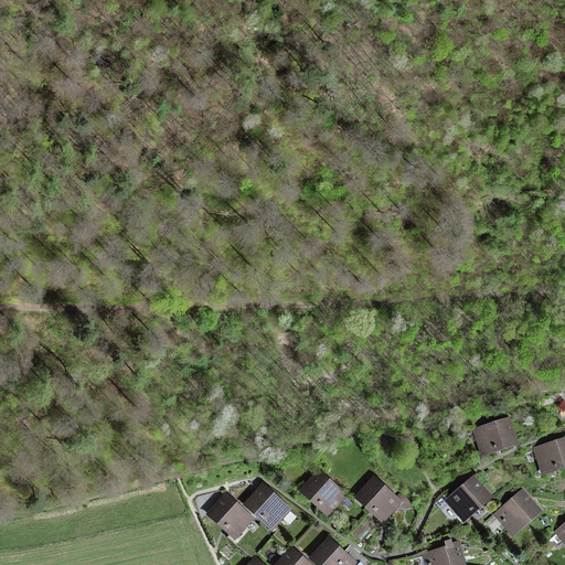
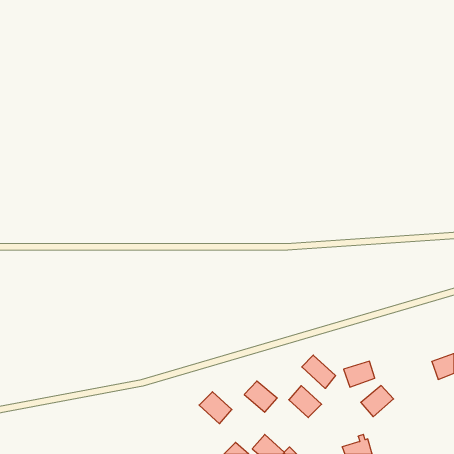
building: [476,420,514,452] -> [344,361,375,387]
building: none -> [302,355,336,388]
building: [497,492,537,532] -> none
building: [211,495,250,545] -> none

